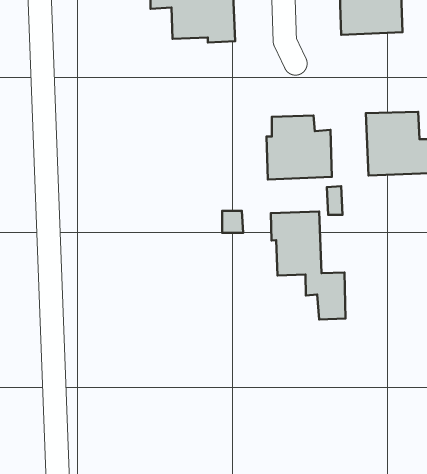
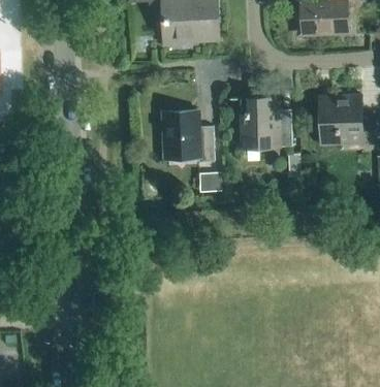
building: none -> [162,111,214,163]
building: [271,212,346,319] -> none

